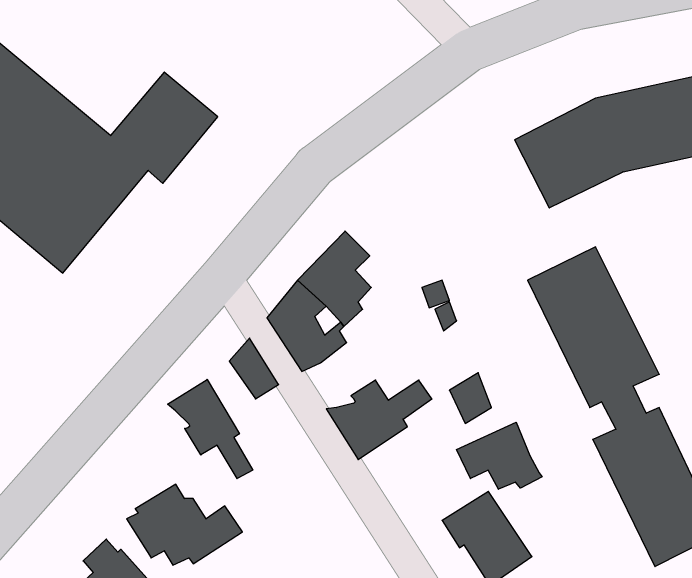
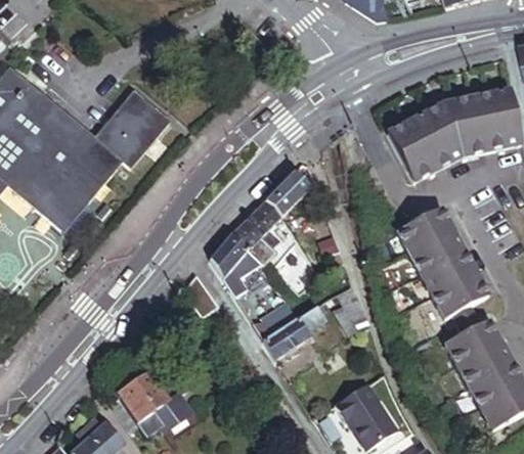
building: none -> [266,170,311,215]
building: [168,379,253,479] -> none
building: [457,422,542,489] -> none

